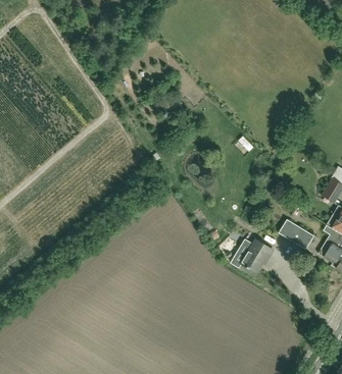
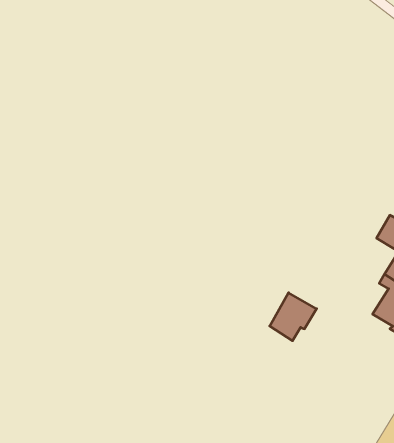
building: [279,219,314,250] -> none

